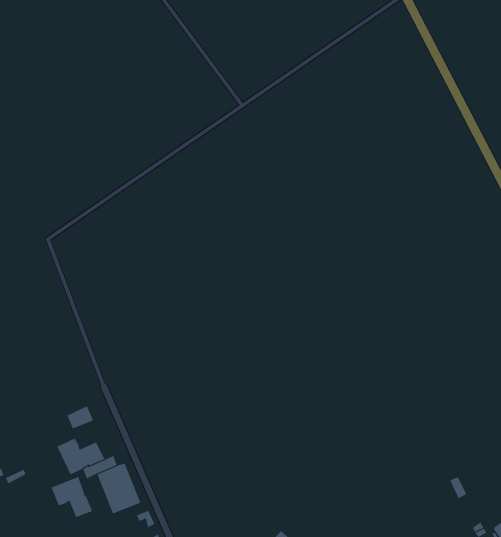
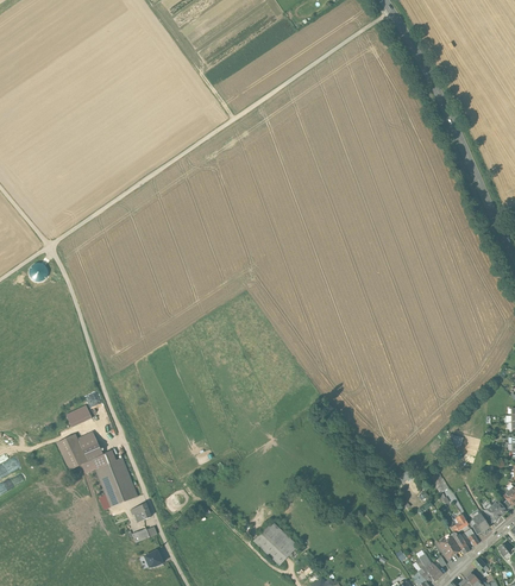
building: [51,476,93,518] -> none

